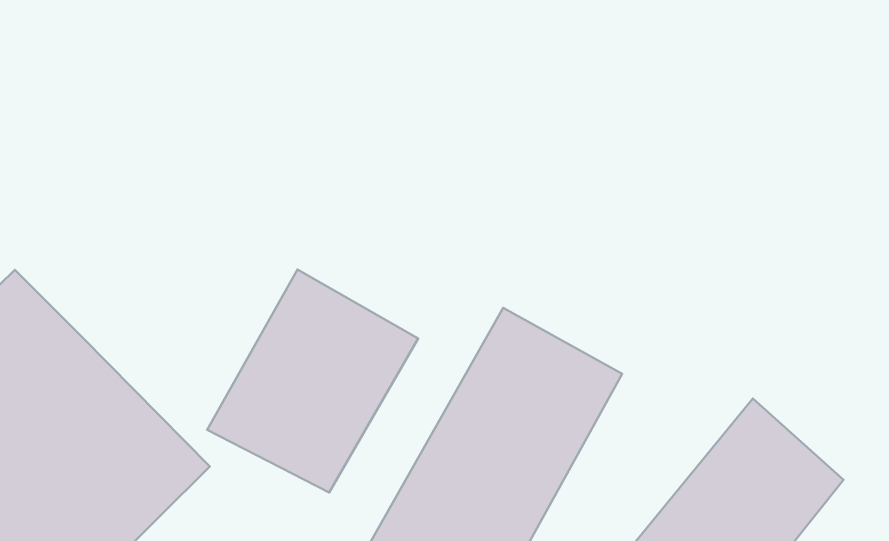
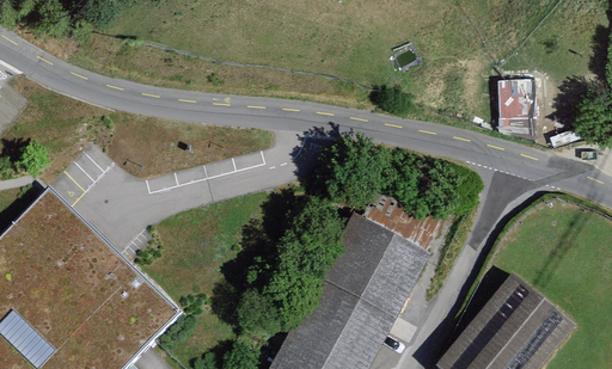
building: none -> [500,78,537,118]
building: [207,269,418,492] -> none

